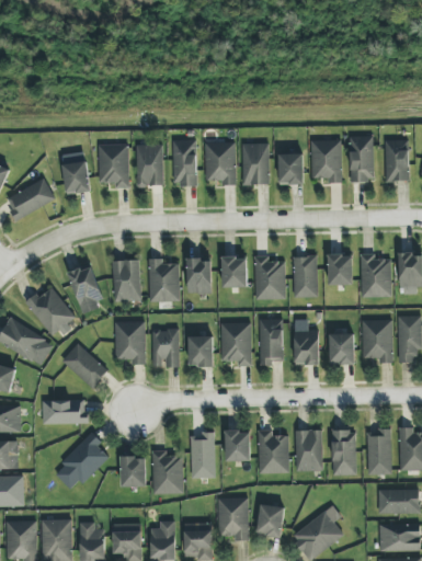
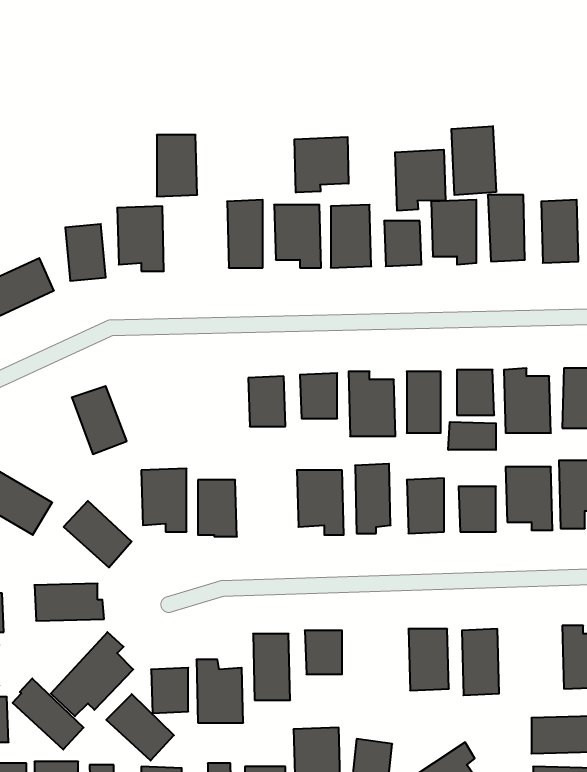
building: none -> [451,126,496,195]
building: none -> [295,137,349,193]
building: none -> [395,150,445,211]
building: [136,145,163,186] -> [157,135,197,196]
building: [148,259,179,301] -> none
building: [112,260,140,301] -> none
building: [24,287,75,339] -> none
building: none -> [448,422,496,450]
building: [189,335,213,366] -> none
building: [258,430,288,473] -> none
building: [366,430,391,474] -> none
building: none -> [13,678,84,750]
building: none -> [106,694,174,761]

